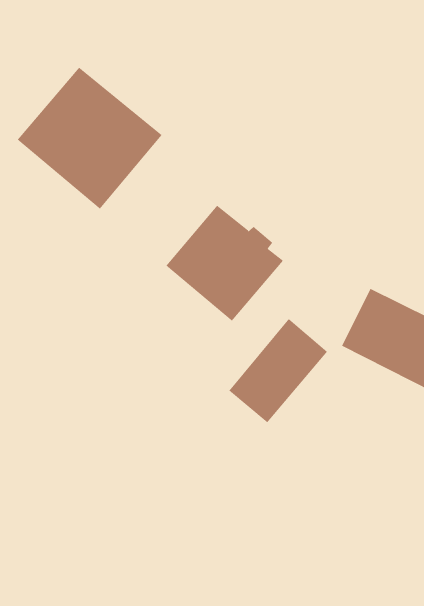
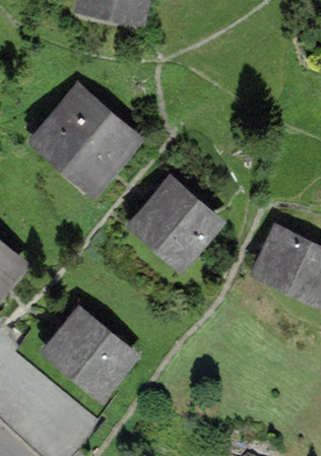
building: [229,318,328,423] -> none
building: none -> [49,311,131,388]

